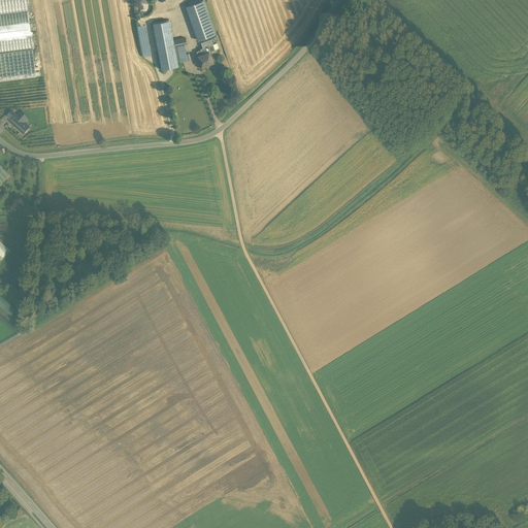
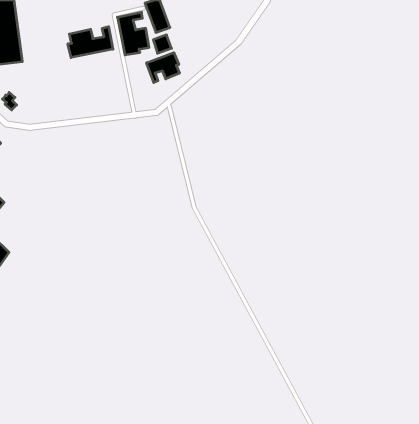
building: none -> [68,27,113,58]
building: none -> [147,53,179,83]

